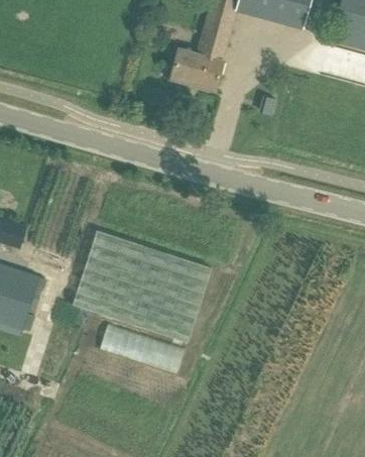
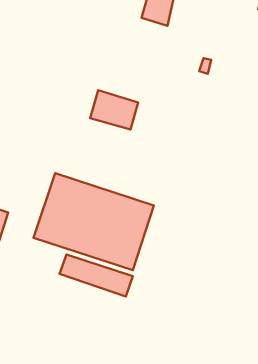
building: [169,47,225,93] -> [90,90,138,130]

